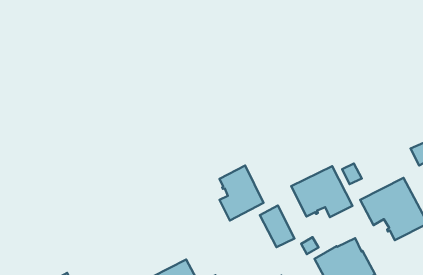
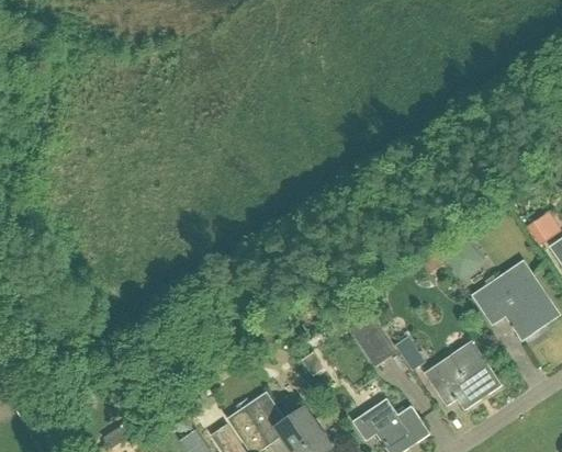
building: [219,166,264,220] -> none
building: [291,166,353,217] -> none

